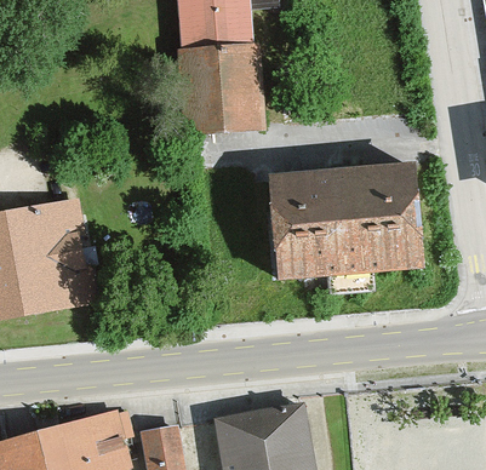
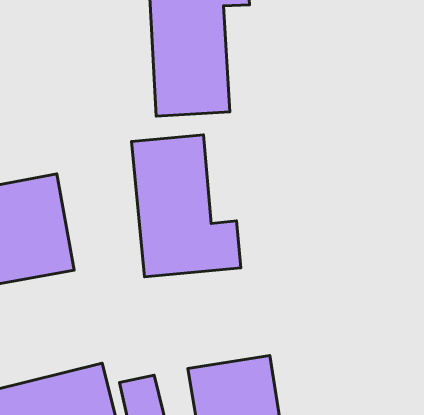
building: none -> [131,135,241,277]
building: [271,157,431,282] -> none

